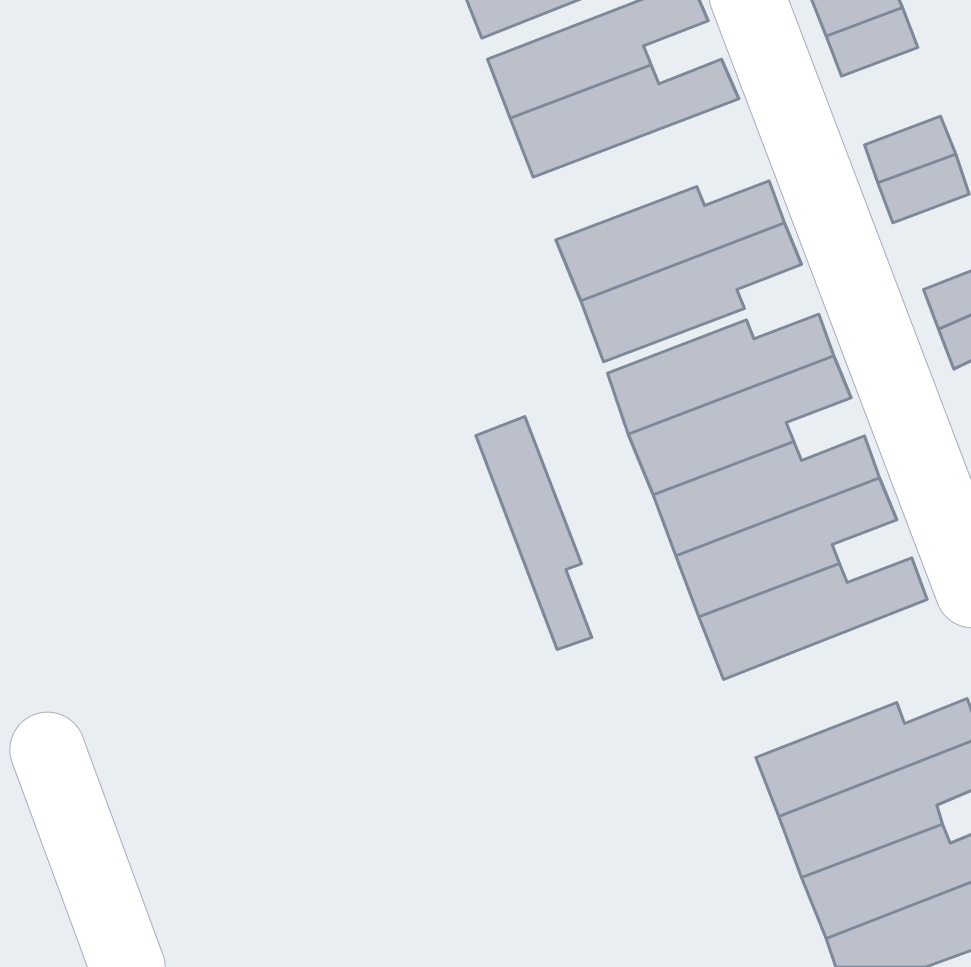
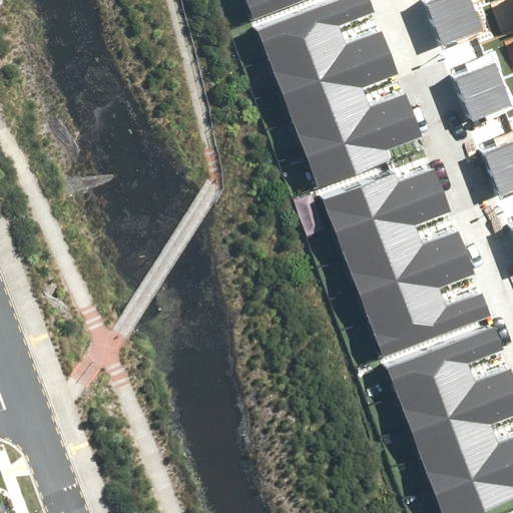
building: none -> [282,52,398,126]
building: [476,416,592,649] -> none
building: none -> [387,326,503,399]

